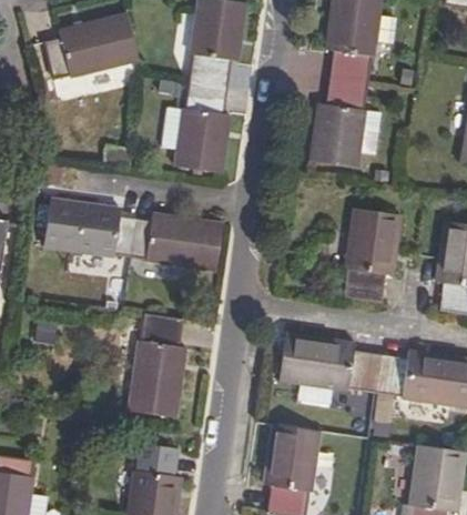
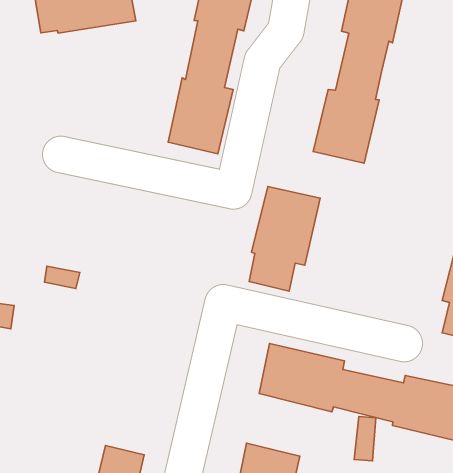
building: [49,196,223,269] -> none
building: [344,213,402,305] -> [249,187,320,291]
building: [131,311,187,414] -> none

